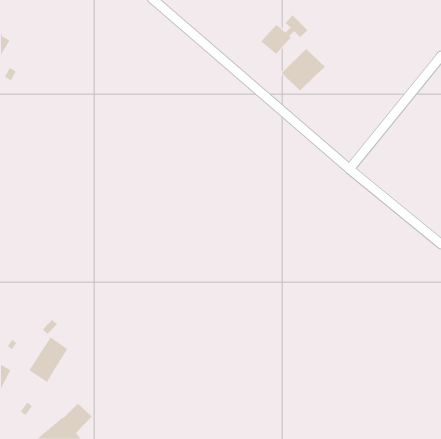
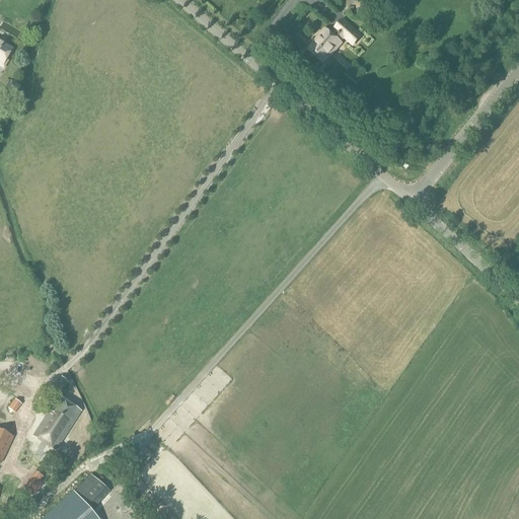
building: [281,48,326,91] -> none

